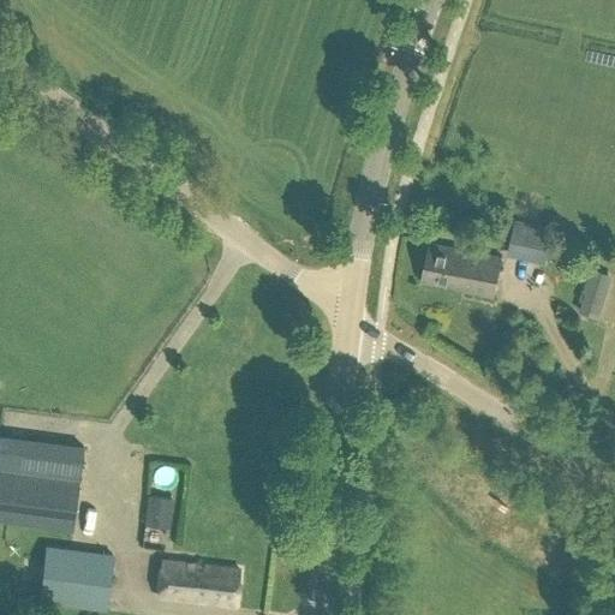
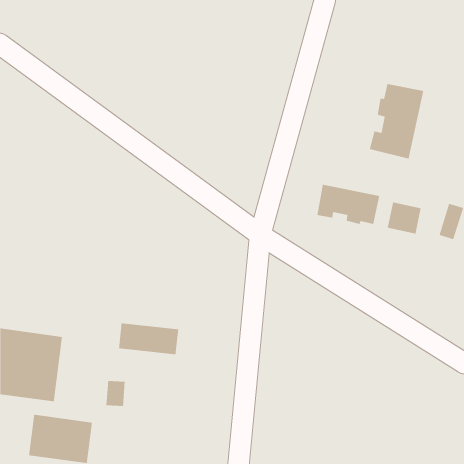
building: none -> [369,83,424,159]
building: [507,222,553,265] -> [387,202,421,234]
building: [156,560,237,603] -> [118,322,179,355]

